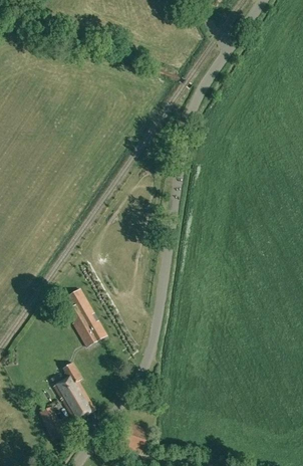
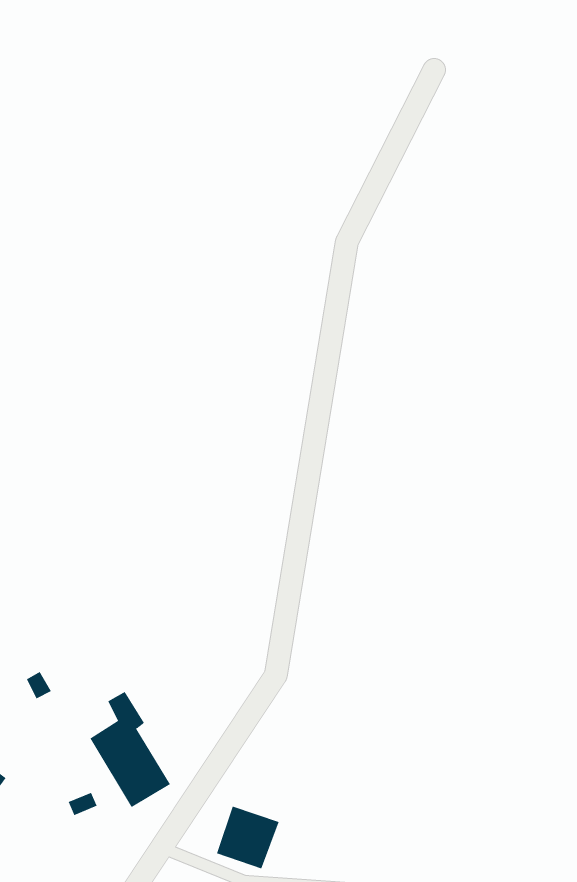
building: [66,289,105,346] -> none

